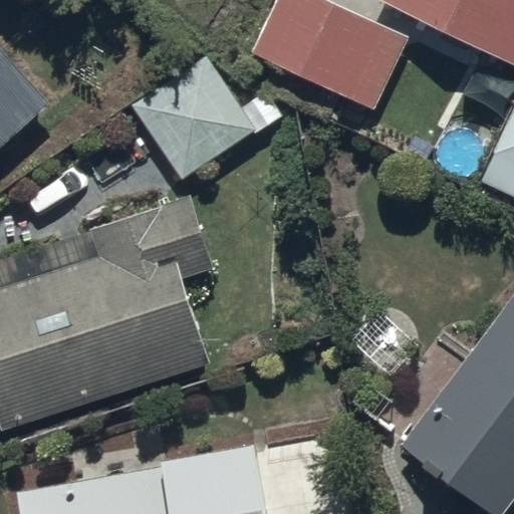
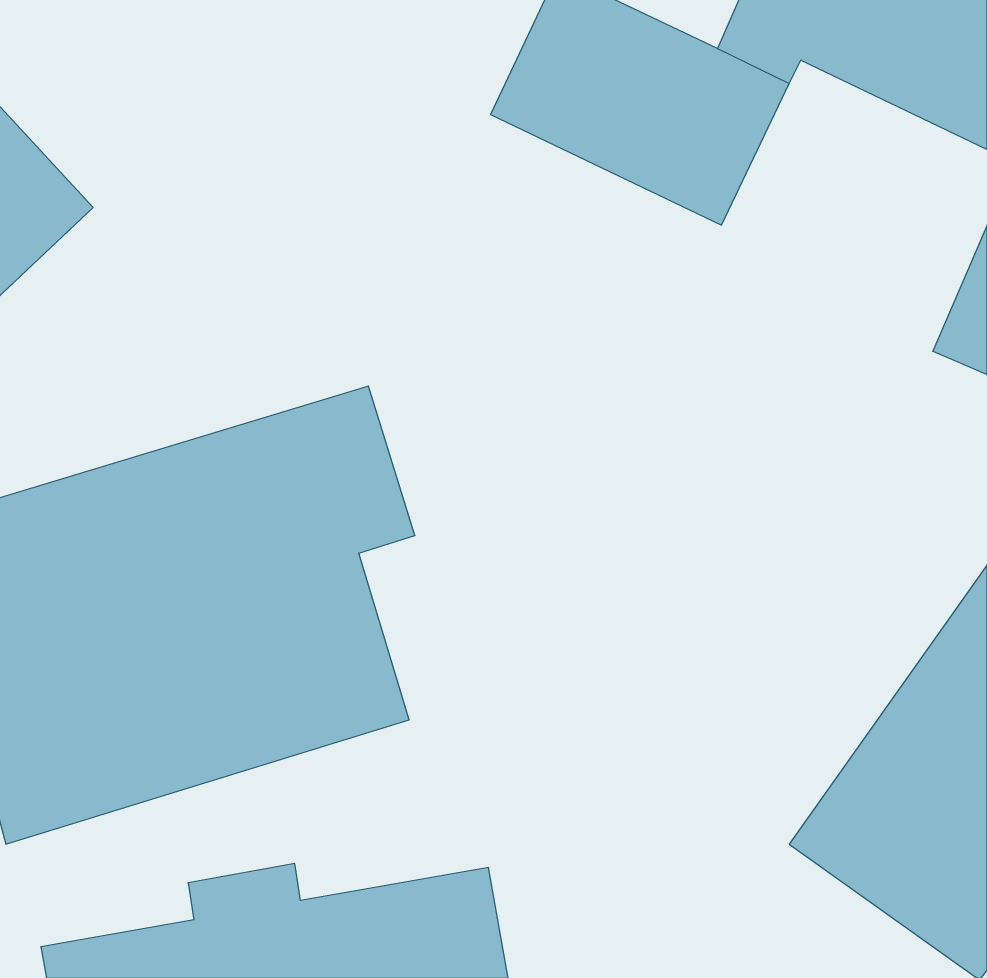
building: [133,54,281,181] -> none

